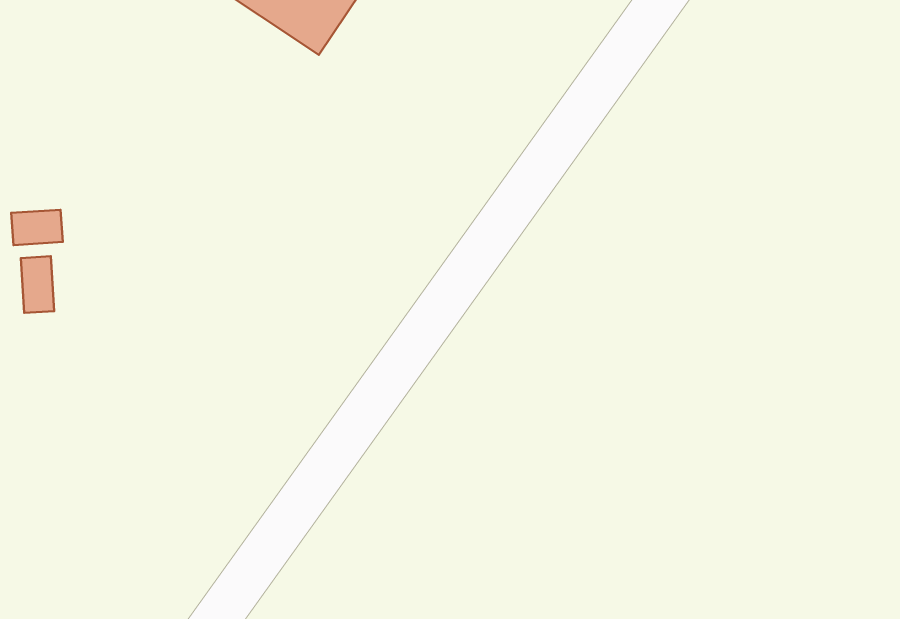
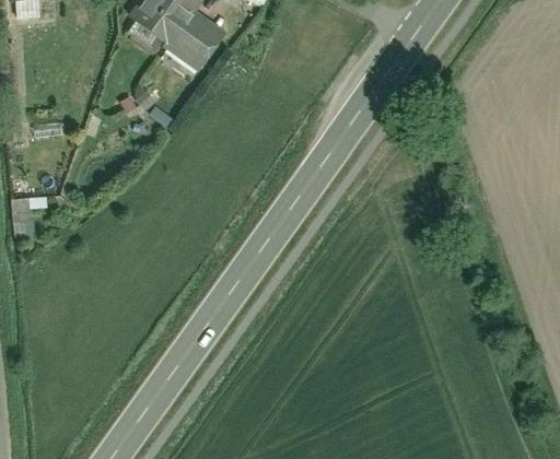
building: [11,210,63,245] -> none

